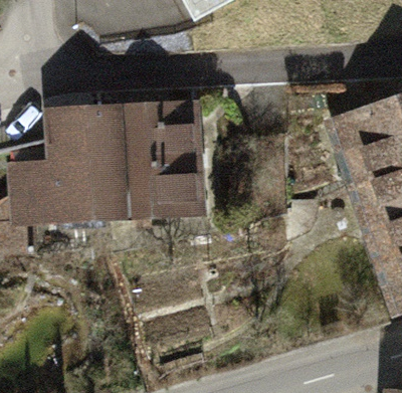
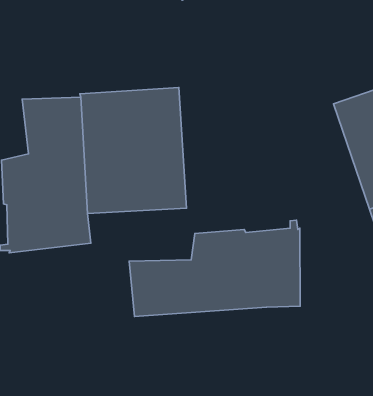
building: none -> [129,220,300,317]

